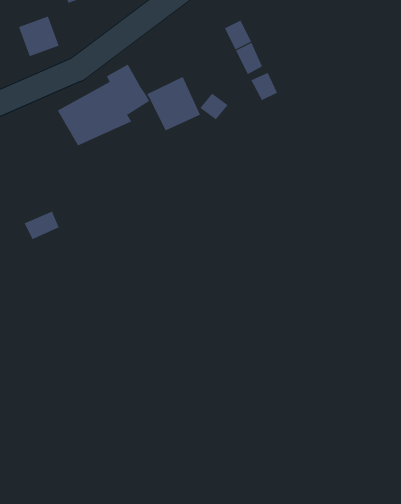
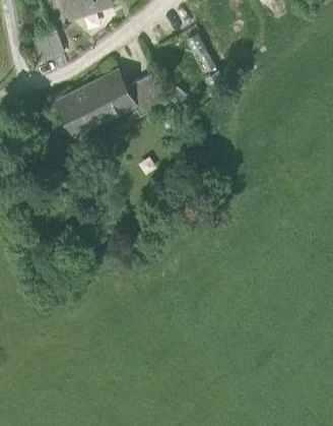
building: none -> [54,74,137,138]

